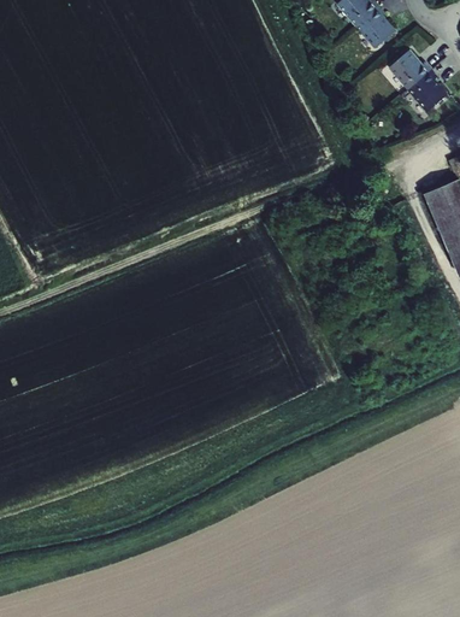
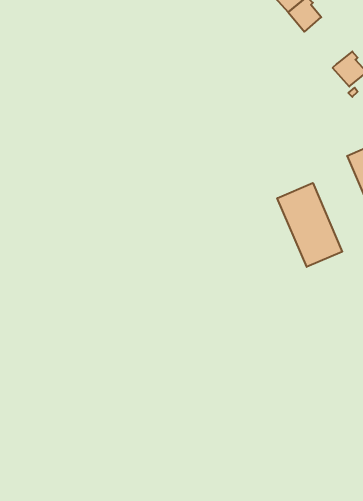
building: [388,52,430,90] -> none
building: none -> [277,183,342,267]

